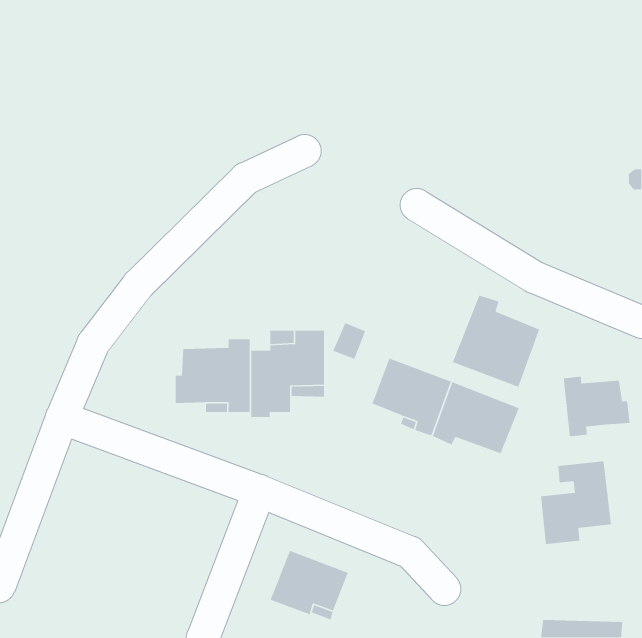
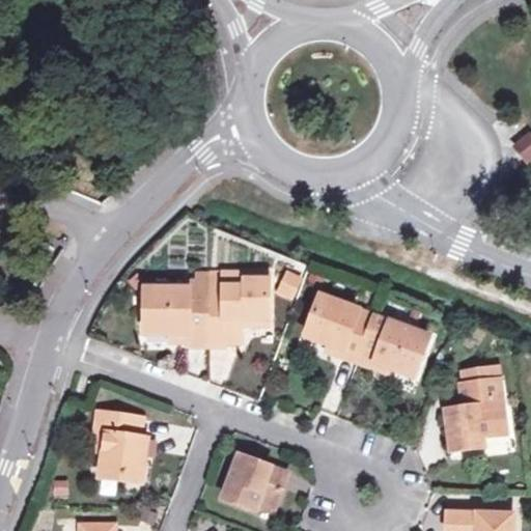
building: [452,294,540,388] -> none
building: [563,376,630,437] -> none
building: none -> [94,412,146,480]

